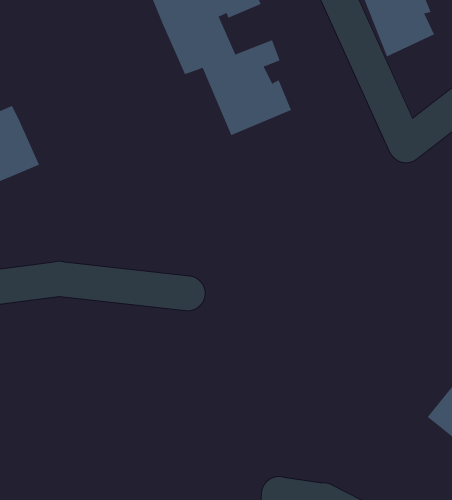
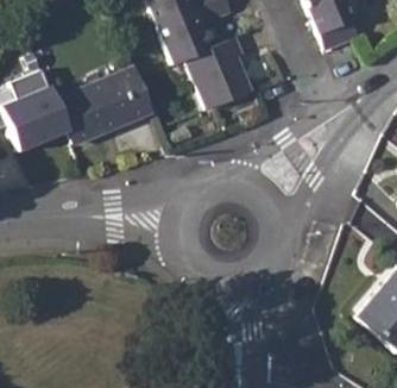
building: none -> [56,67,153,142]

